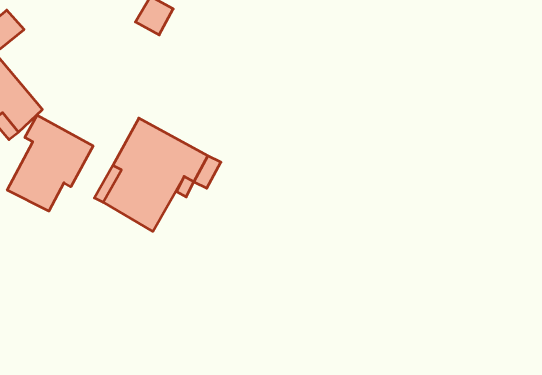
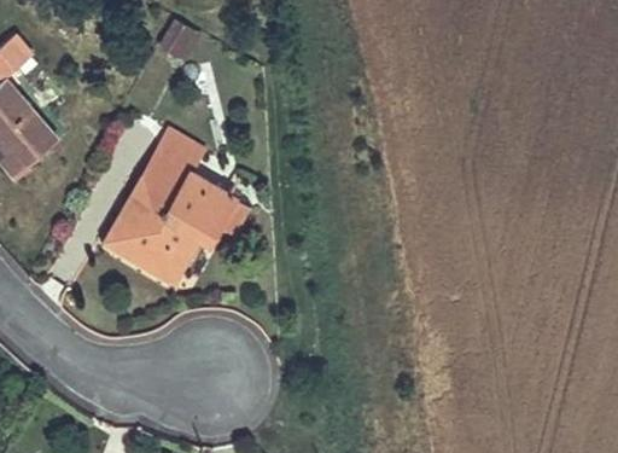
building: none -> [158,133,209,176]
building: [7,115,93,211] -> none

